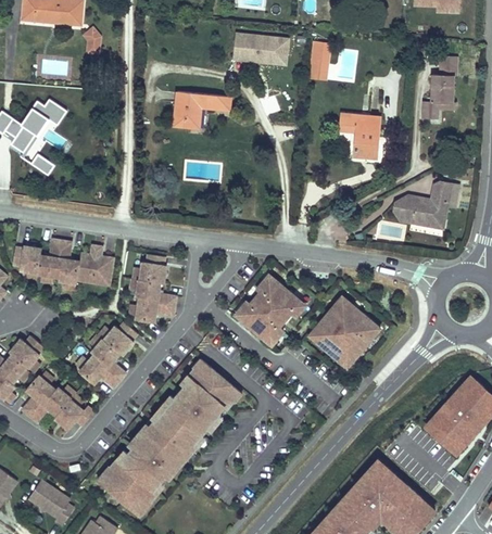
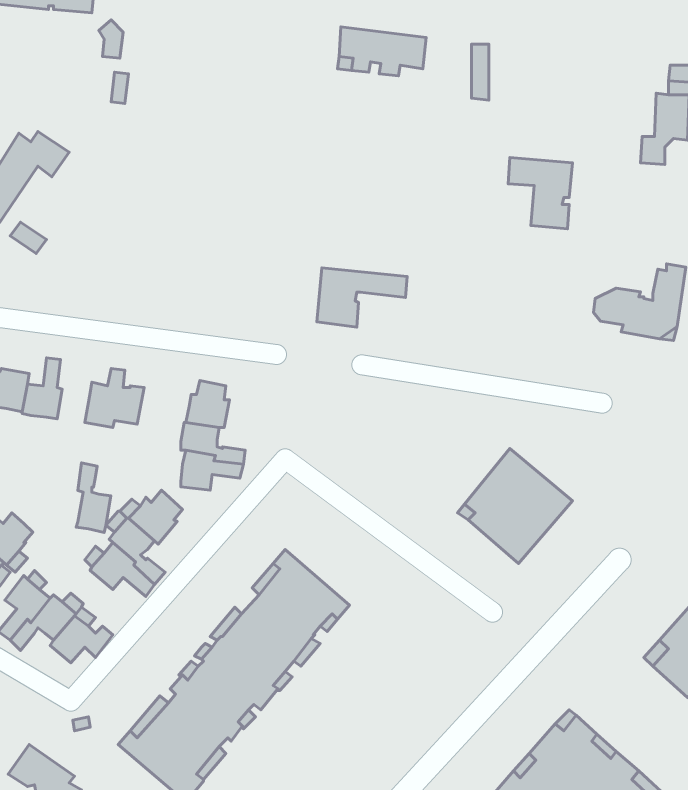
building: [174,92,230,129] -> [317,268,407,327]
building: [58,241,79,284] -> [76,463,111,532]
building: [236,276,303,346] -> none

